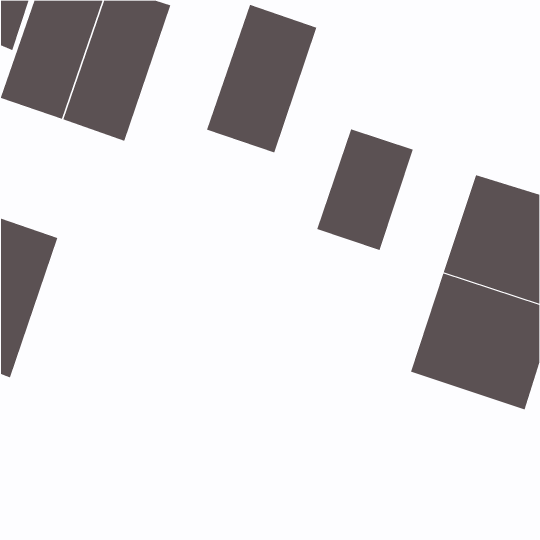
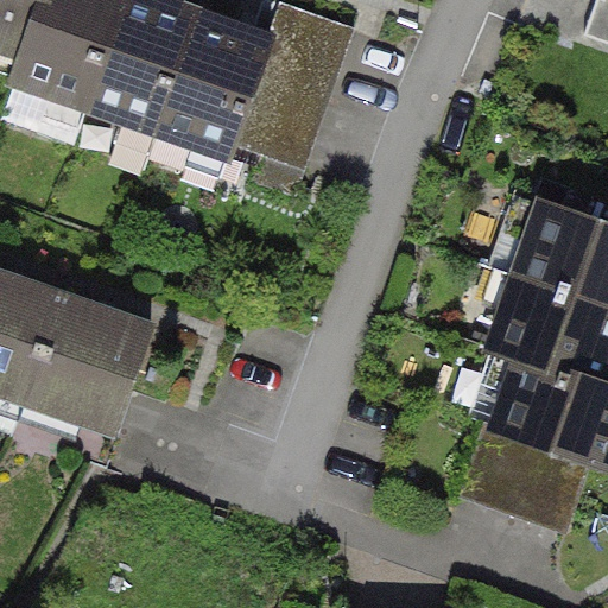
building: none -> [140,6,262,183]
building: [316,128,413,251] -> none
building: none -> [12,267,154,455]

